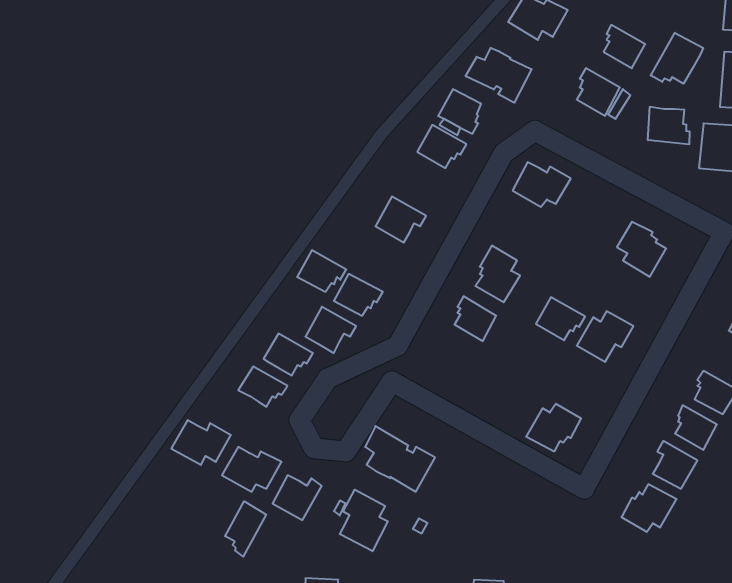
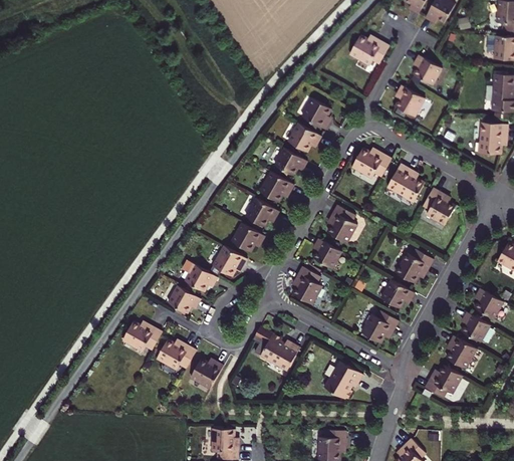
building: [651,33,703,84] -> none
building: [466,48,532,103] -> none
building: [648,107,690,144] -> none
building: none -> [275,148,307,175]
building: none -> [388,164,425,203]
building: [297,250,346,292] -> [246,198,279,226]
building: [536,297,585,340] -> [381,279,415,308]
building: none -> [293,266,322,304]
building: none -> [324,361,363,400]
building: [340,490,388,551] -> none
building: [225,501,266,557] -> none

